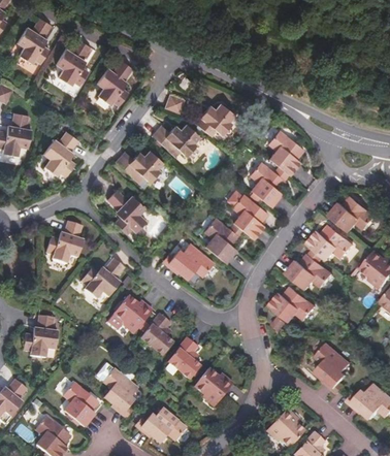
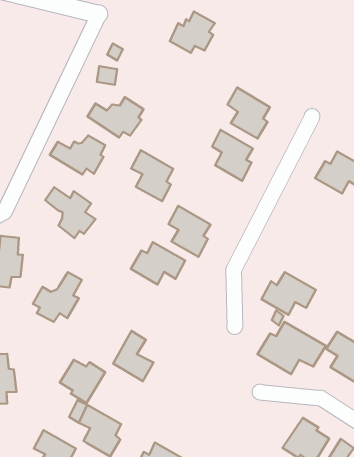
building: [98,60,133,104] -> none
building: [197,101,236,134] -> [170,12,215,53]
building: [232,195,266,239] -> [131,150,173,201]
building: [307,225,353,260] -> none
building: [287,255,332,290] -> none
building: [113,296,152,333] -> [60,360,105,403]
building: none -> [258,322,326,374]
building: [167,337,198,380] -> none
building: [193,367,231,406] -> none

